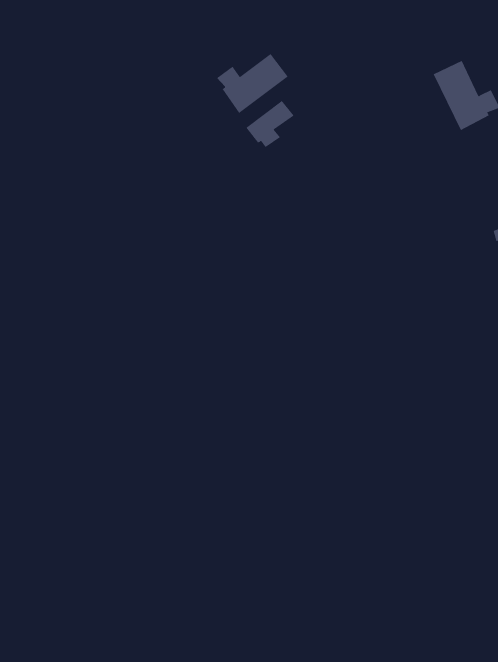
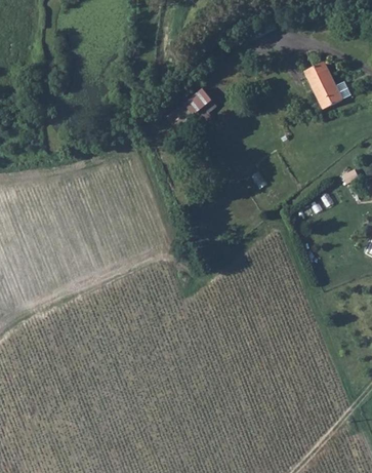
building: [216,53,289,114] -> none

